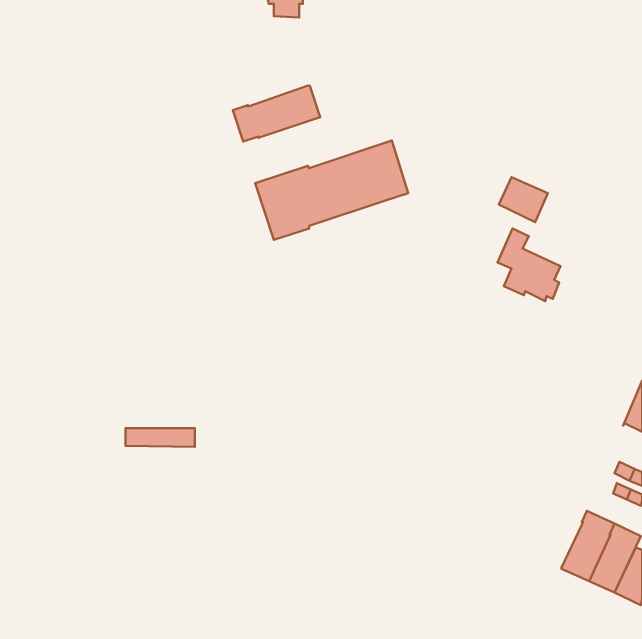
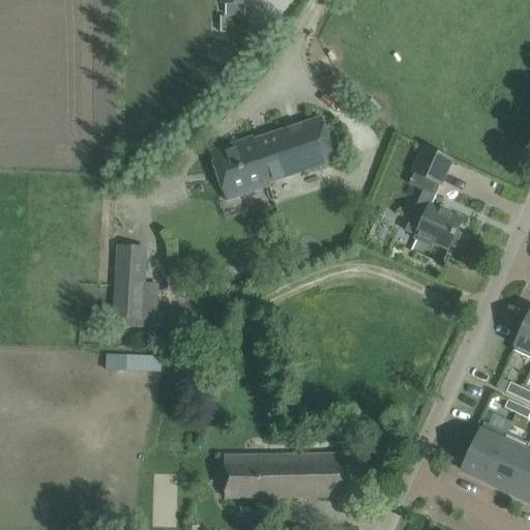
building: [233,86,320,141] -> none
building: none -> [114,244,146,319]
building: none -> [227,453,350,496]

